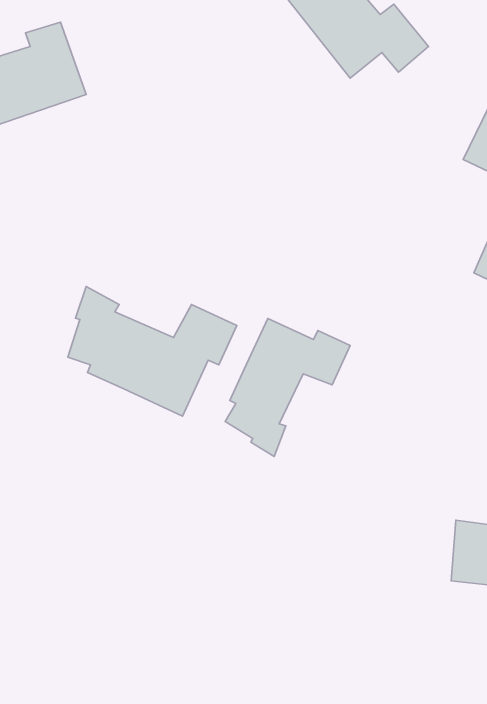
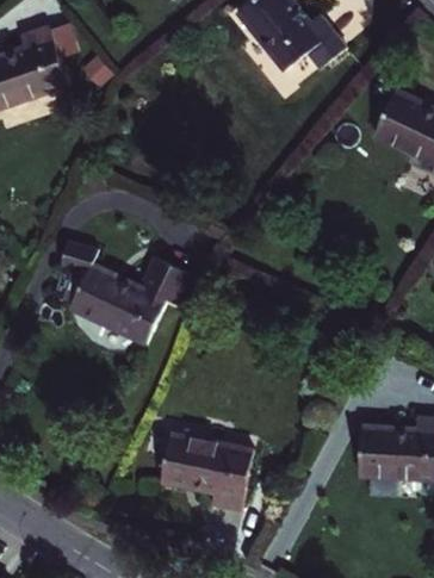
building: [225,318,350,456] -> none
building: none -> [162,429,258,512]

